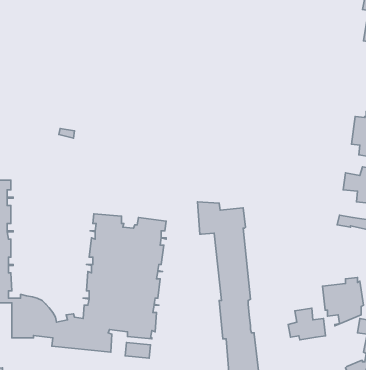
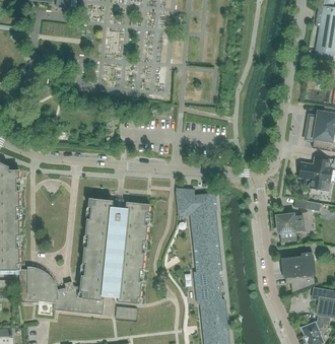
building: none -> [276,214,304,242]
building: [288,308,326,340] -> none

